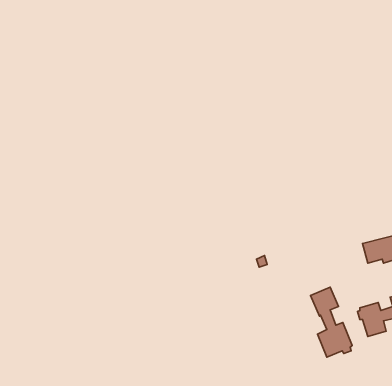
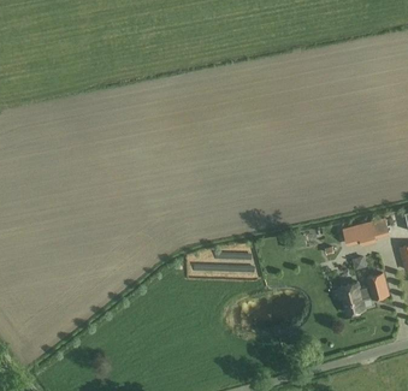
building: [310,287,352,357] -> none

